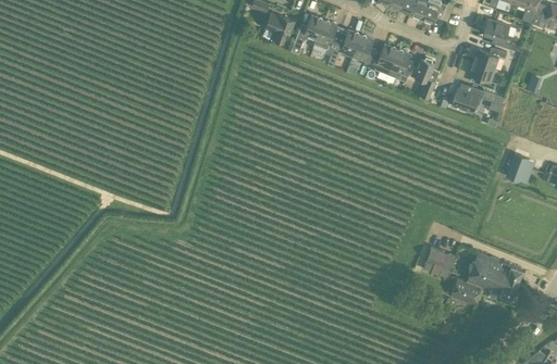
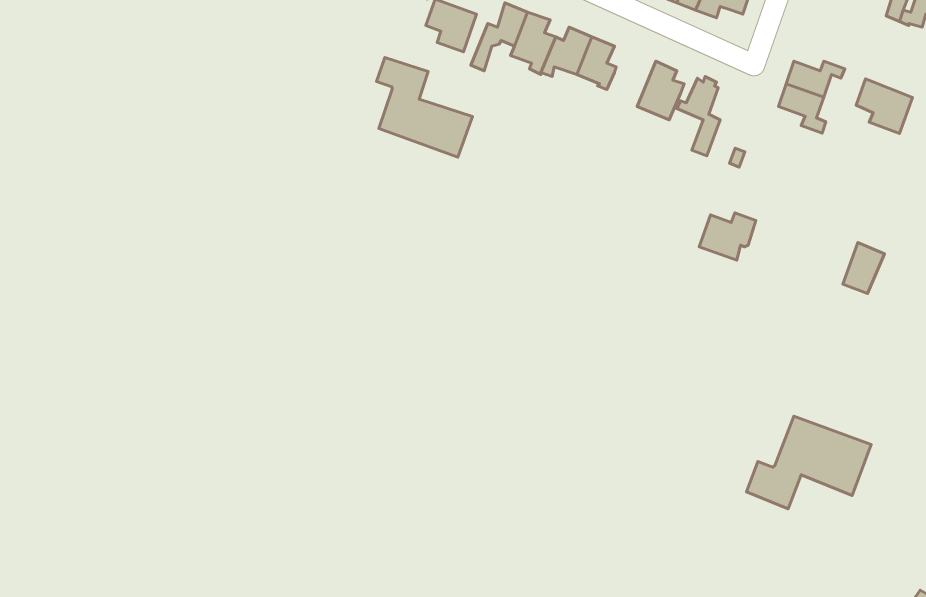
building: [483,17,516,49] -> [856,79,913,134]
building: [369,43,398,74] -> none
building: none -> [376,57,472,157]
building: [451,86,484,113] -> [699,213,756,260]
building: [423,248,455,277] -> none

